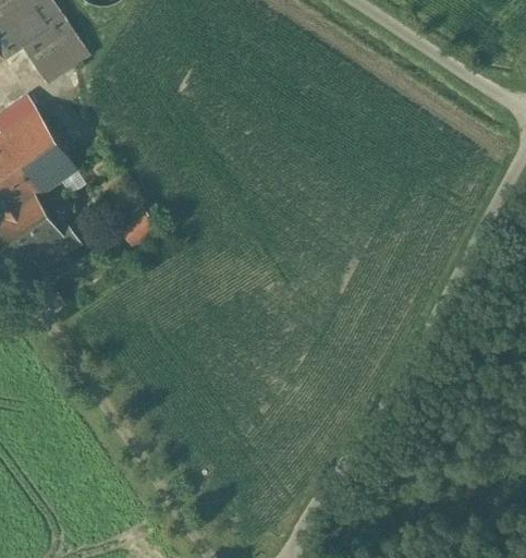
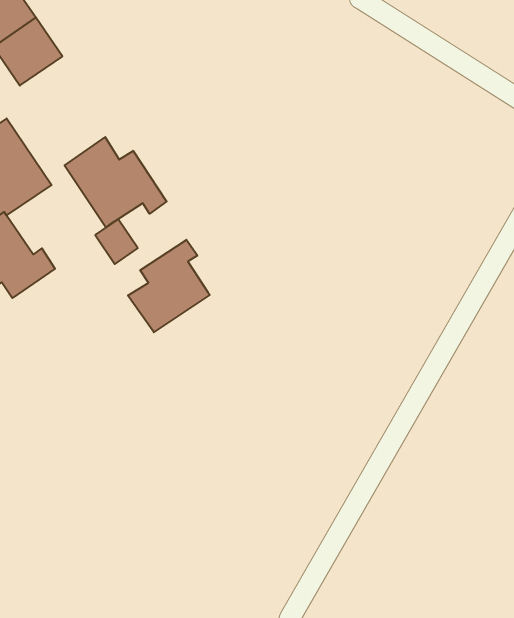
building: none -> [65,137,167,227]
building: none -> [128,240,210,332]

